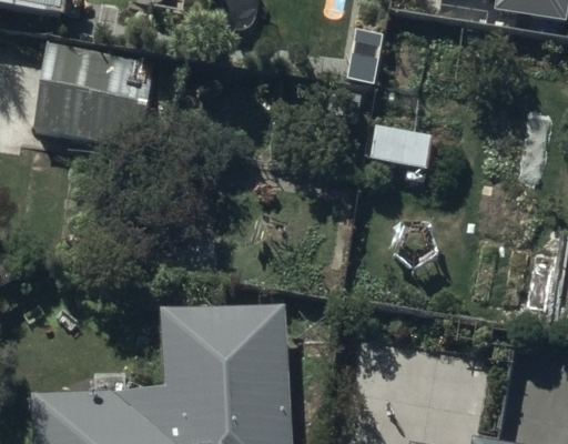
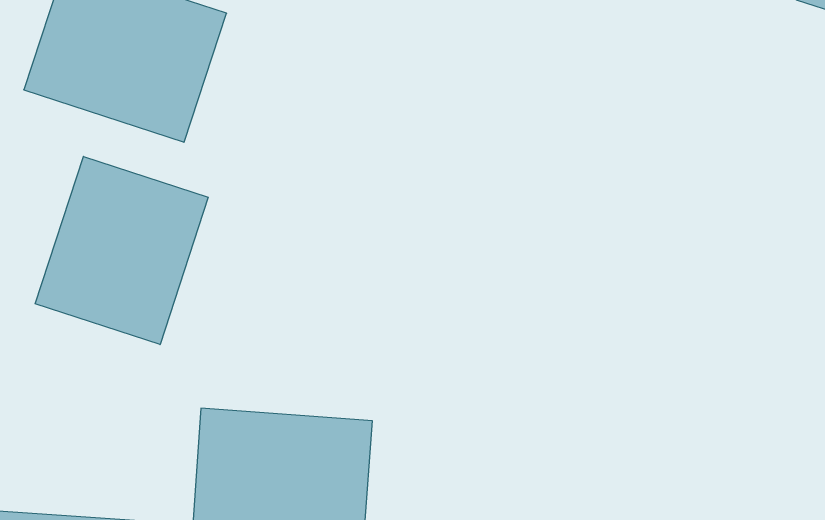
building: none -> [35,156,208,345]

